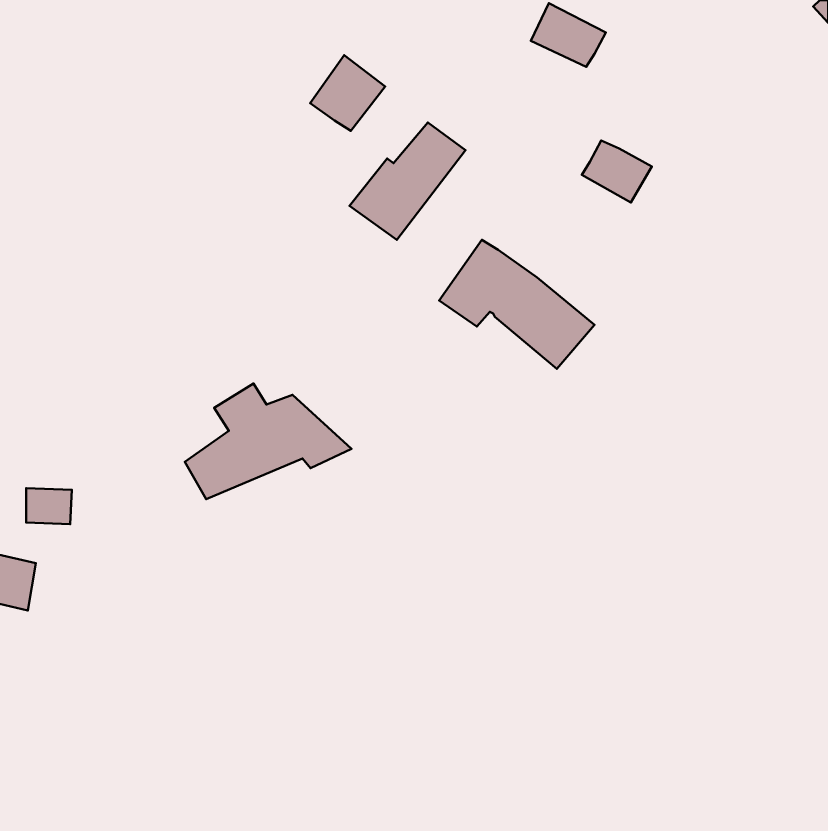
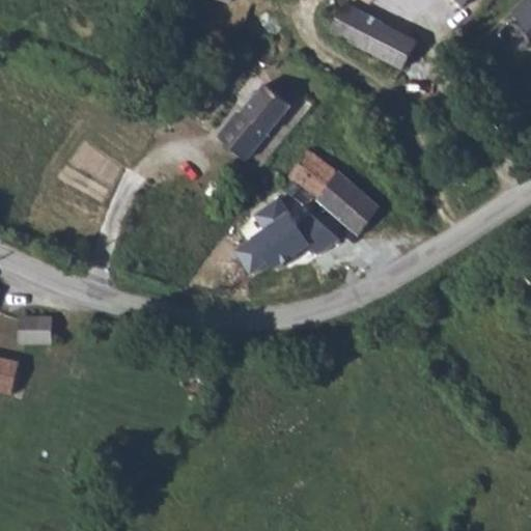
building: [310,55,385,131] -> none
building: [582,140,652,203] -> [372,23,417,62]
building: [185,383,351,499] -> [231,202,337,276]

